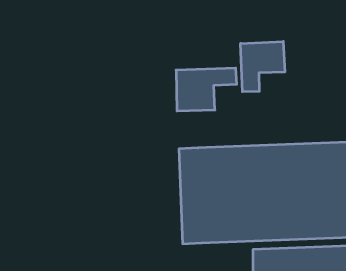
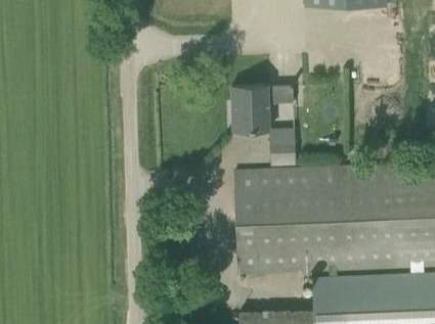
building: [241,41,285,92] -> none
building: none -> [268,128,295,164]

